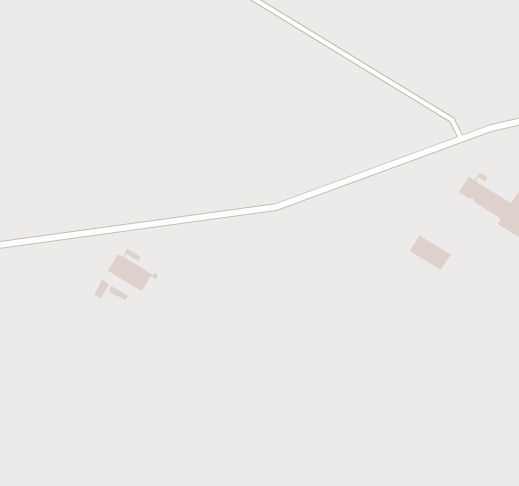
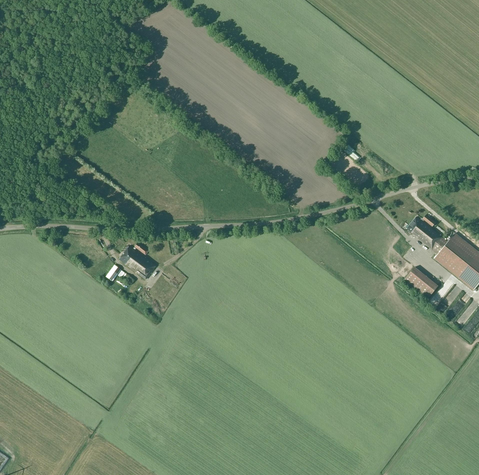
building: [409,235,452,271] -> [404,267,438,298]

